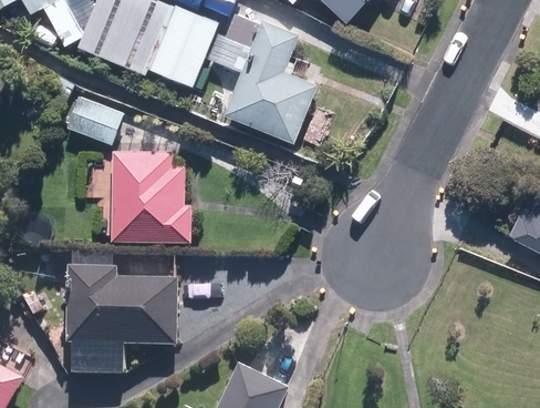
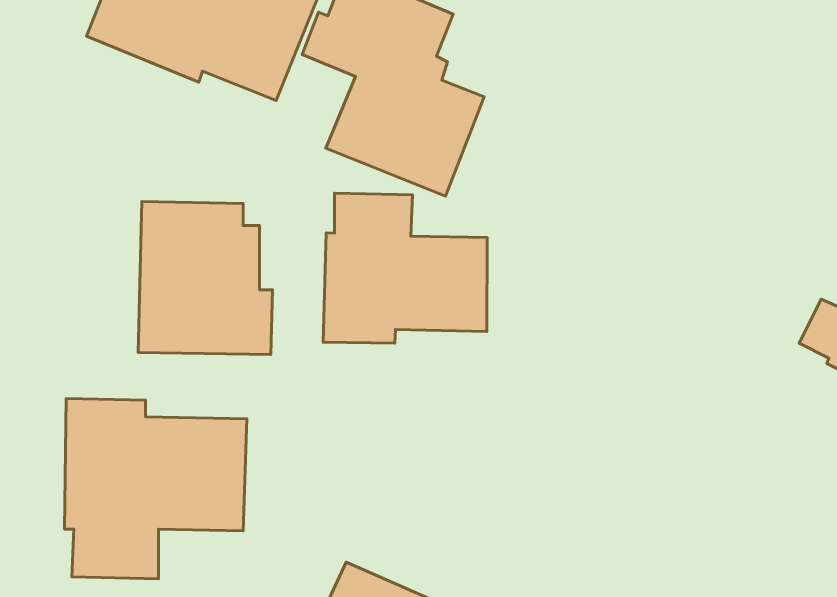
building: [65,94,123,143] -> none
building: none -> [323,193,487,343]

